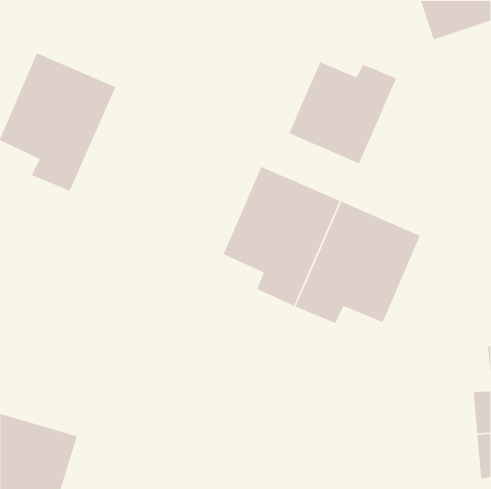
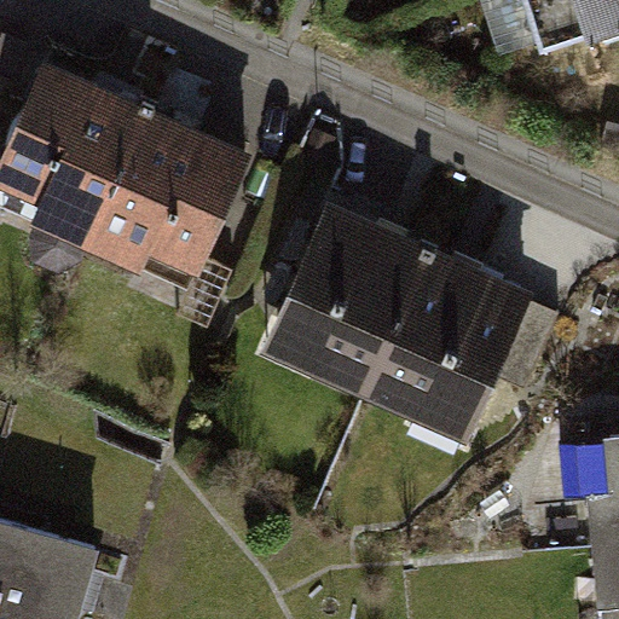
building: [288,61,397,165] -> none
building: none -> [88,114,247,268]

